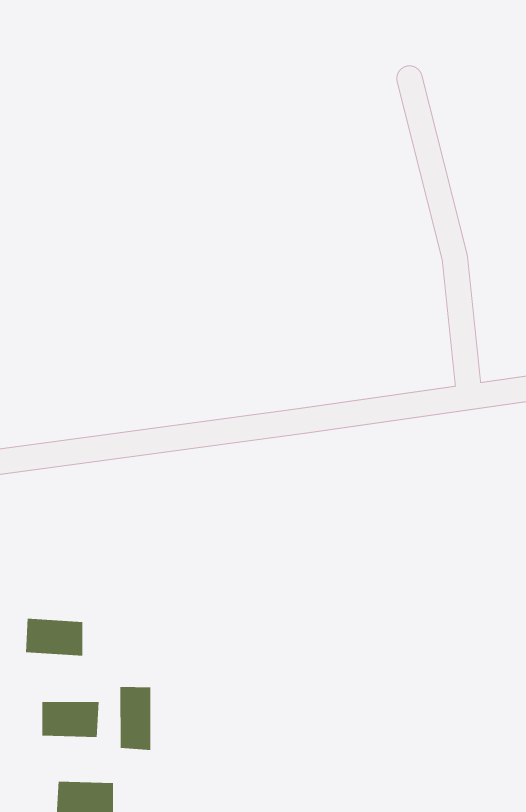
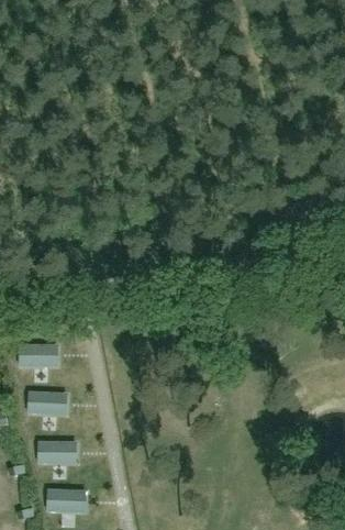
building: none -> [22,346,56,367]
building: [120,686,151,751] -> none

